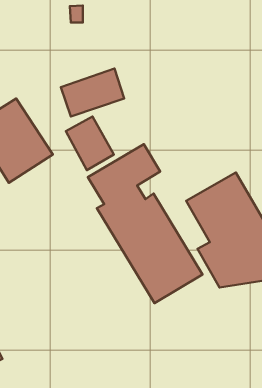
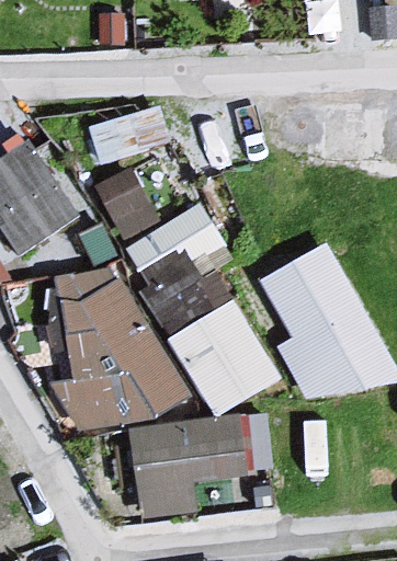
building: none -> [50,265,193,428]
building: none -> [128,420,256,518]

